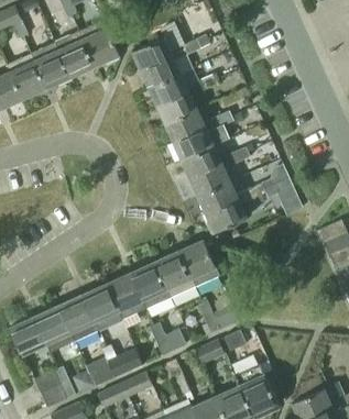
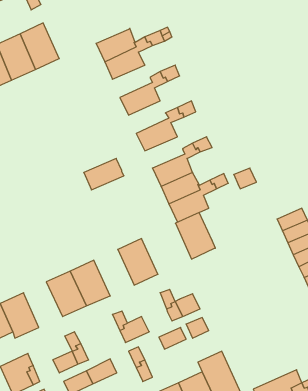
building: [78,20,120,67] -> none
building: [149,74,189,107] -> none
building: [165,110,206,143] -> none
building: [182,146,222,178] -> [84,158,124,190]
building: [178,239,219,286] -> [175,212,215,259]
building: [130,261,171,308] -> none
building: [58,294,98,340] -> none

